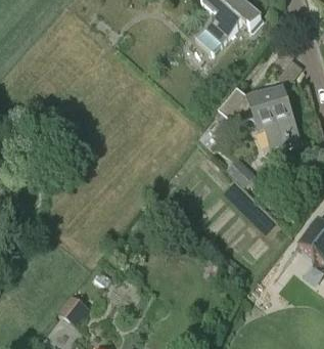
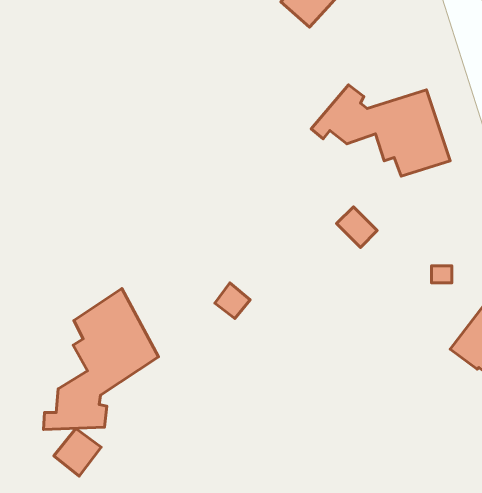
building: none -> [44,289,158,430]

